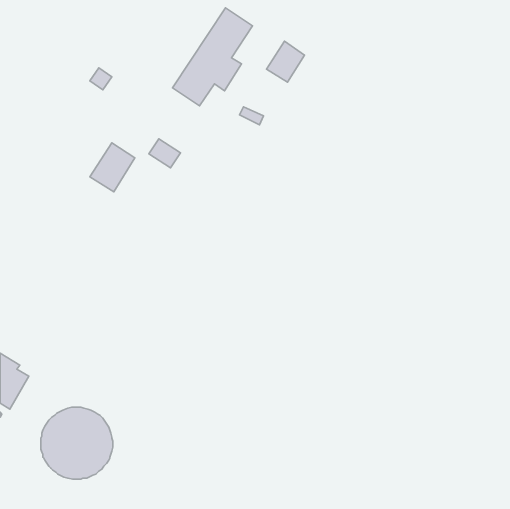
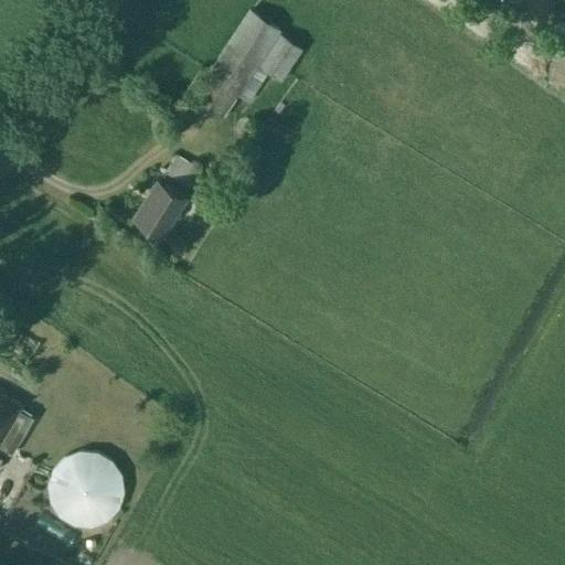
building: [266,41,304,82] -> [259,33,301,78]
building: [90,143,135,192] -> [135,181,184,235]

